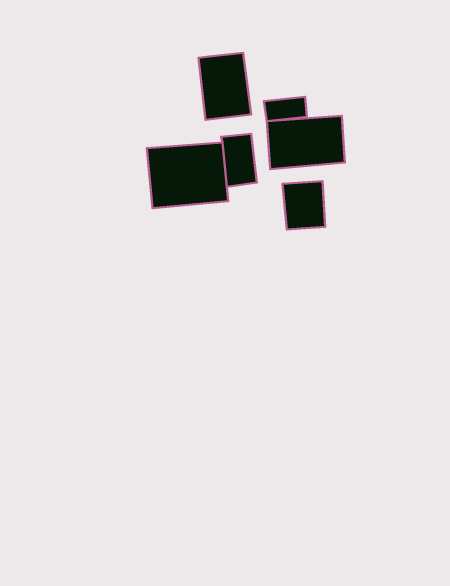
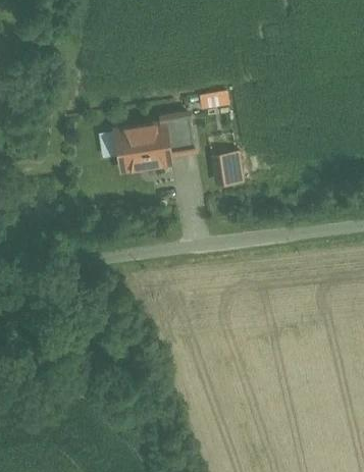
building: [198,53,251,120] -> none
building: [267,116,345,169] -> none

